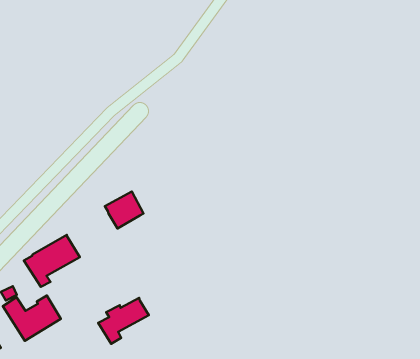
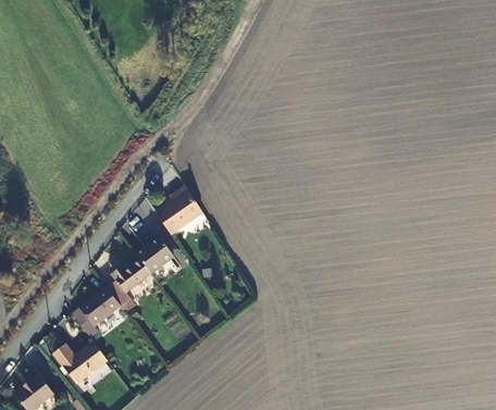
building: none -> [158,187,203,235]
building: [98,298,149,344] -> [106,258,152,303]

